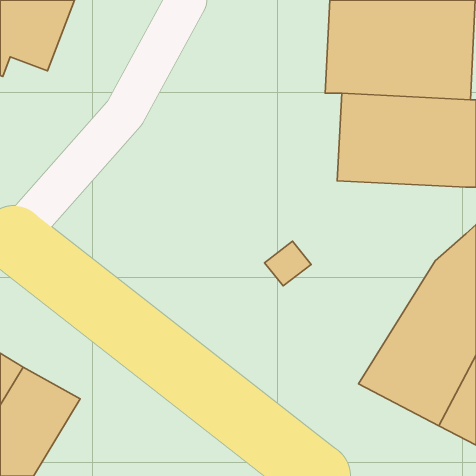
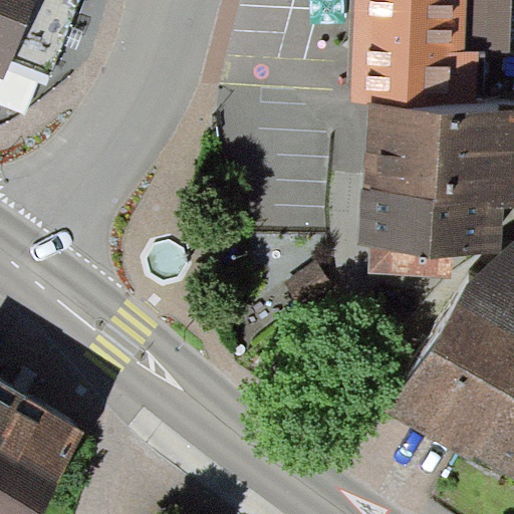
building: none -> [358,195,502,277]

